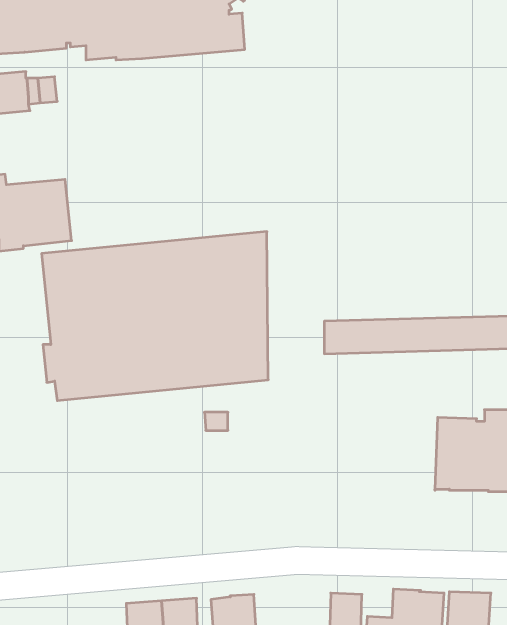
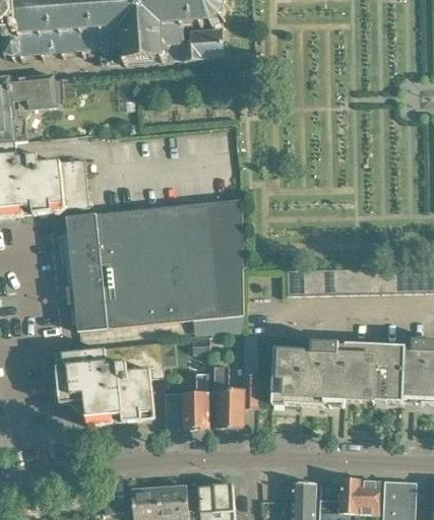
building: none -> [55,341,164,426]
building: none -> [270,341,374,406]
building: none -> [212,368,257,429]
building: none -> [164,374,208,429]

